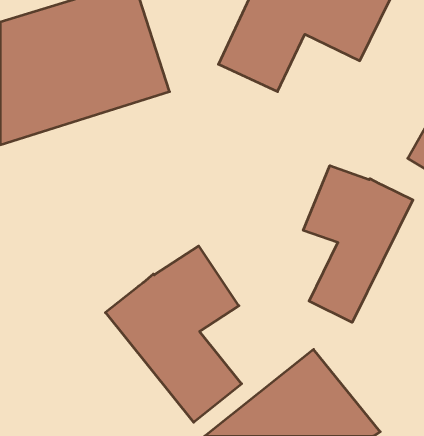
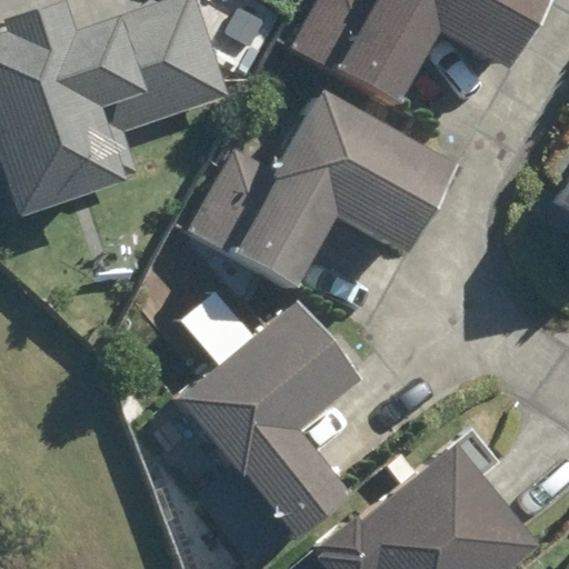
building: none -> [189,112,417,311]
building: [303,166,413,322] -> none

